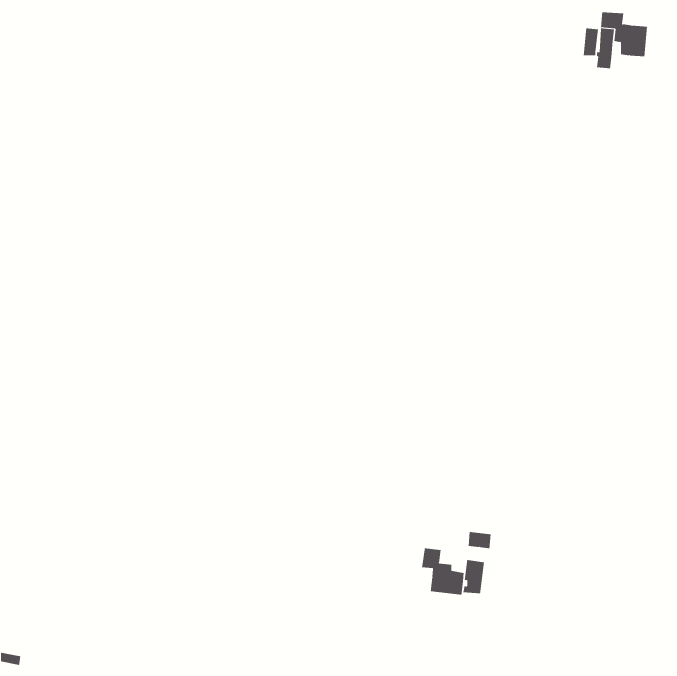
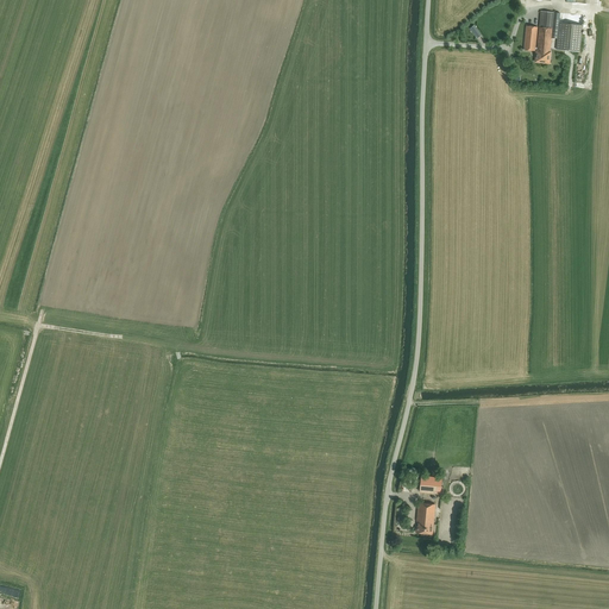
building: [421,547,464,596] -> none

